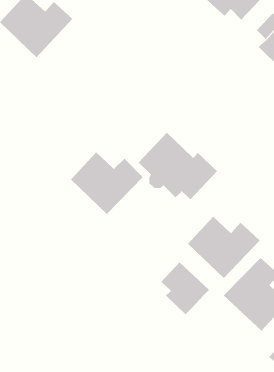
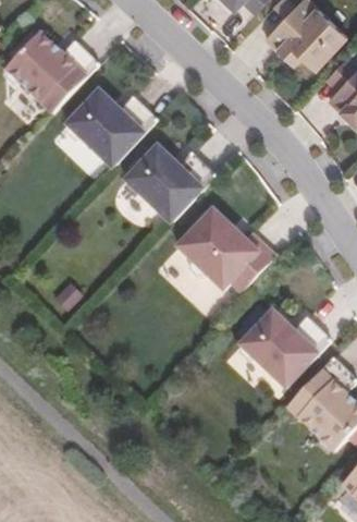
building: none -> [65,89,157,168]
building: [70,152,144,215] -> [124,145,216,223]
building: [160,262,210,315] -> none

